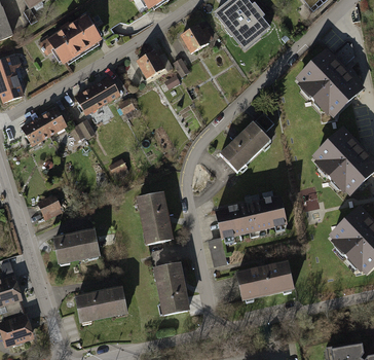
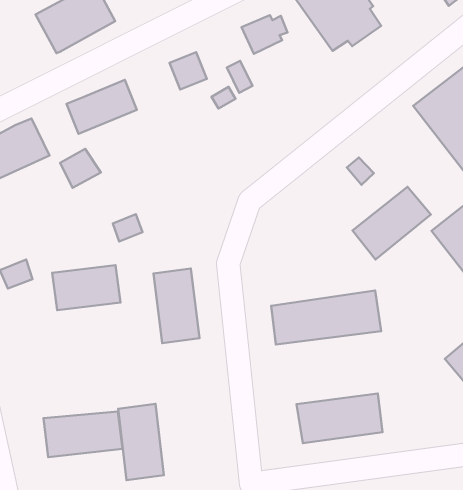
building: [220,122,269,171] -> [352,187,431,260]
building: [53,230,99,262] -> [52,265,120,310]
building: [154,263,187,314] -> [118,404,164,480]

